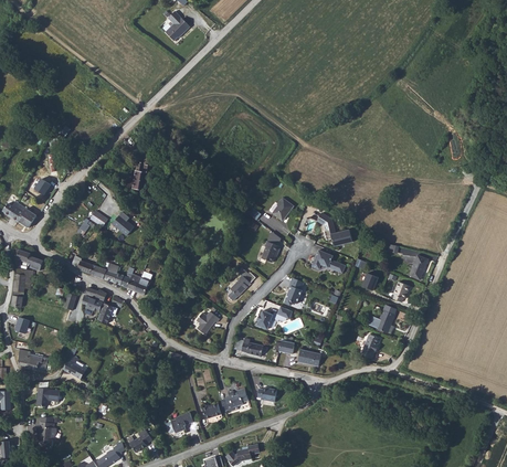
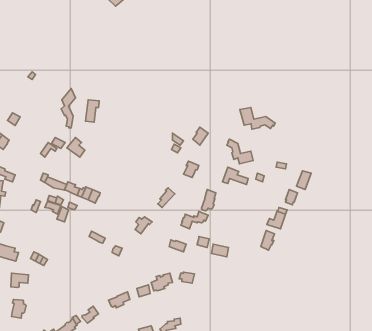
building: none -> [61,89,75,128]
building: none -> [240,107,275,129]

